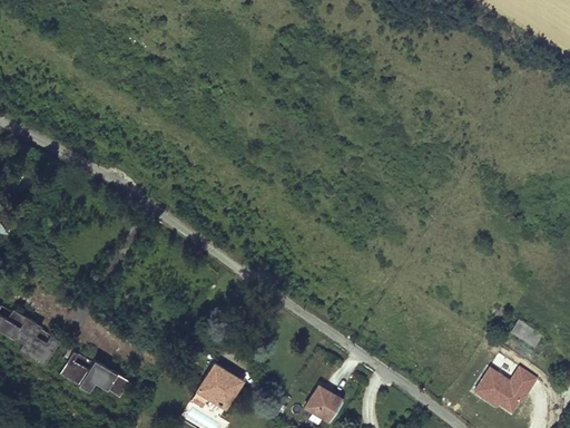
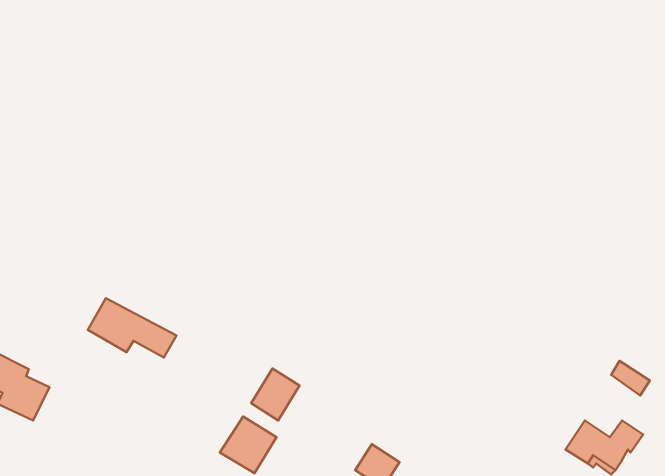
building: none -> [251,368,299,420]
building: [58,350,129,398] -> [88,298,176,358]

